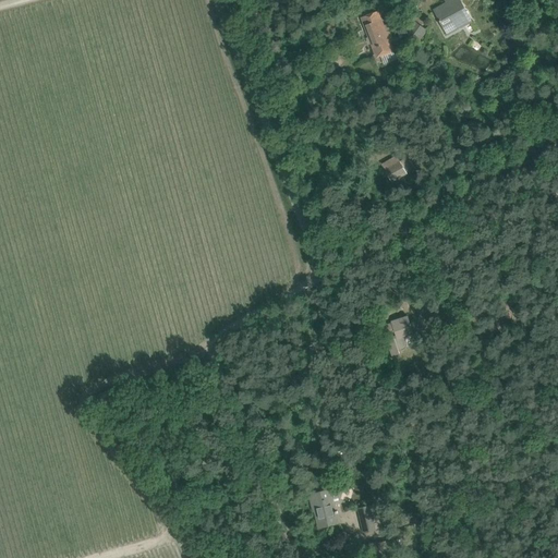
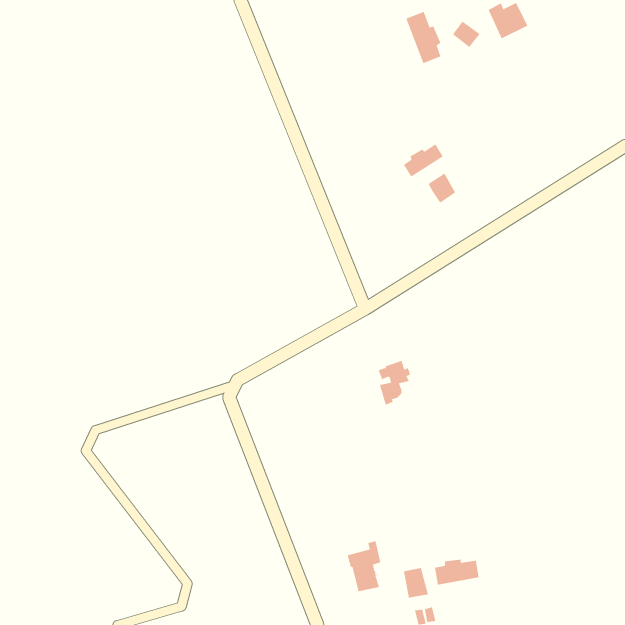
building: none -> [403,144,444,177]
building: [385,315,414,355] -> [378,360,411,406]
building: none -> [435,559,479,585]

